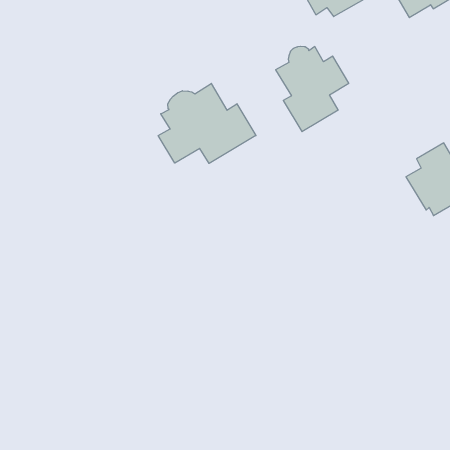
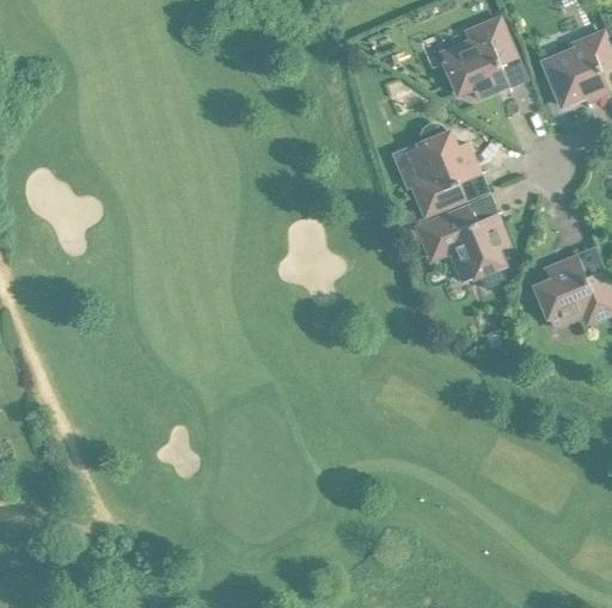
building: [158,83,256,163] -> none
building: none -> [414,202,513,288]

